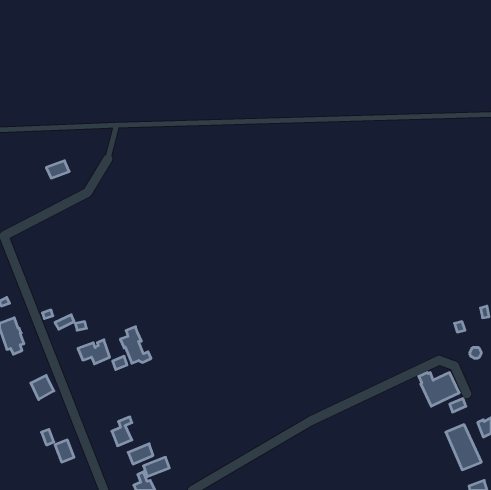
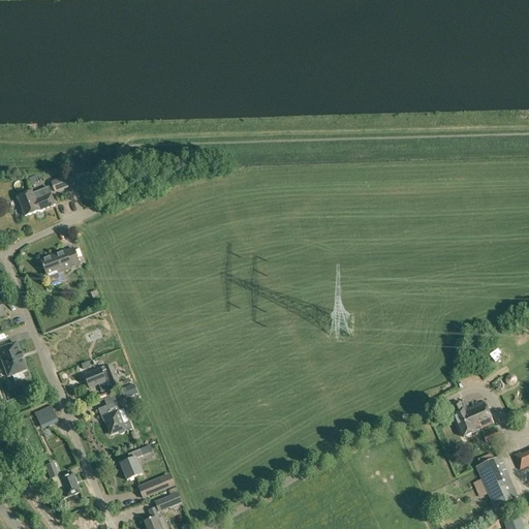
building: none -> [17,186,54,215]
building: none -> [40,247,79,282]
building: [120,327,151,363] -> [97,394,130,433]

